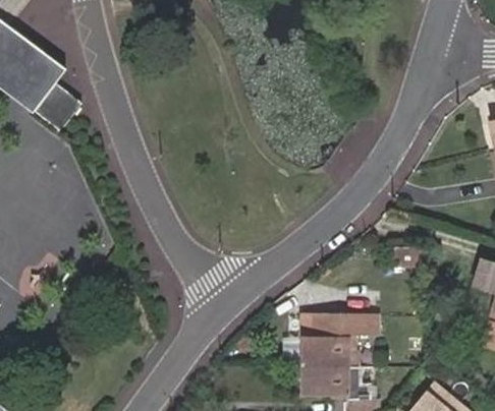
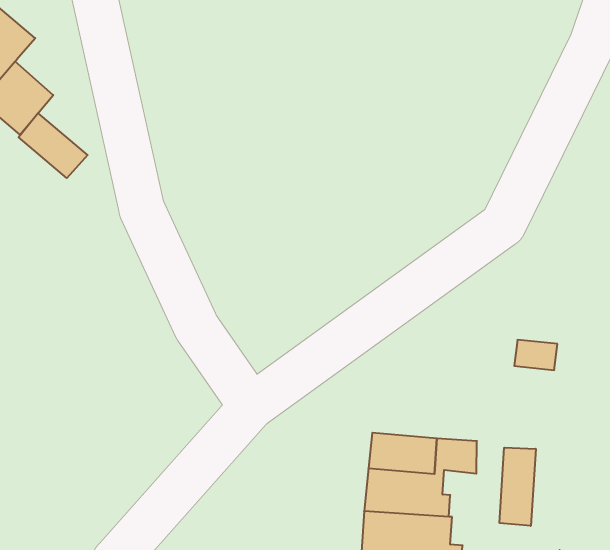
building: none -> [19,113,88,178]
building: none -> [500,448,536,526]

